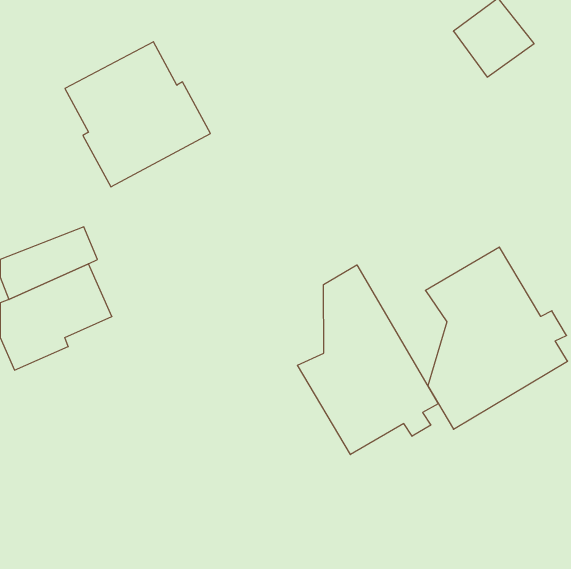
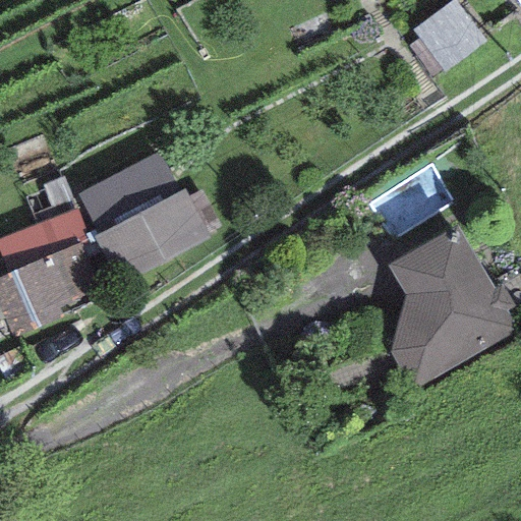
building: [65,42,210,187] -> [77,151,210,283]
building: [297,265,438,455] -> none

